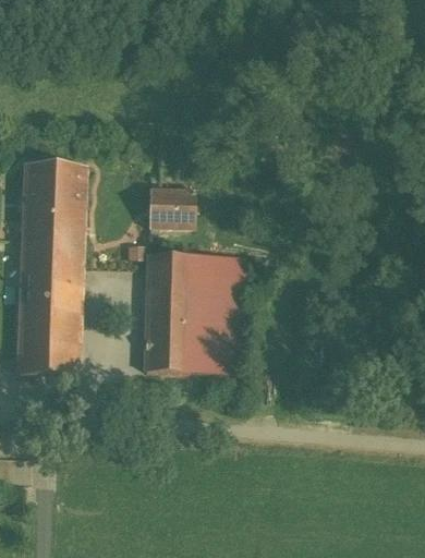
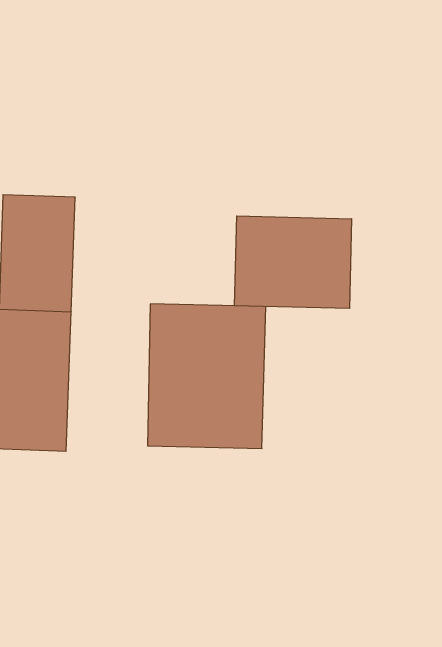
building: none -> [235,216,352,308]
building: [148,189,195,228] -> none

